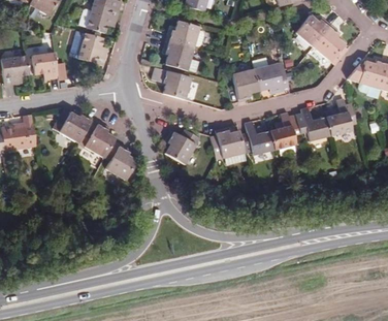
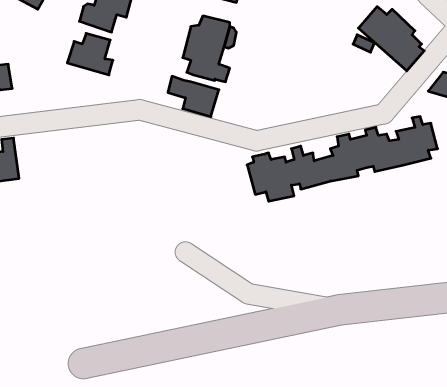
building: [34,54,60,79] -> none
building: [231,62,288,102] -> none
building: [55,113,135,180] -> none
building: [166,127,201,162] -> none

